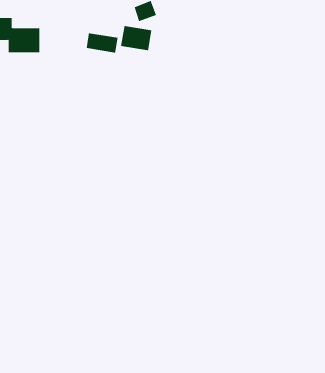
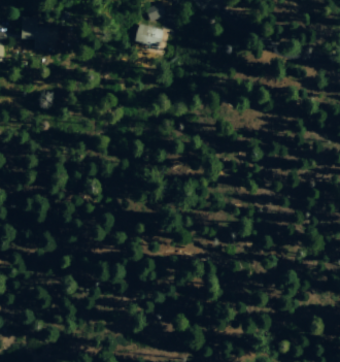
building: [86,33,118,53] -> none

